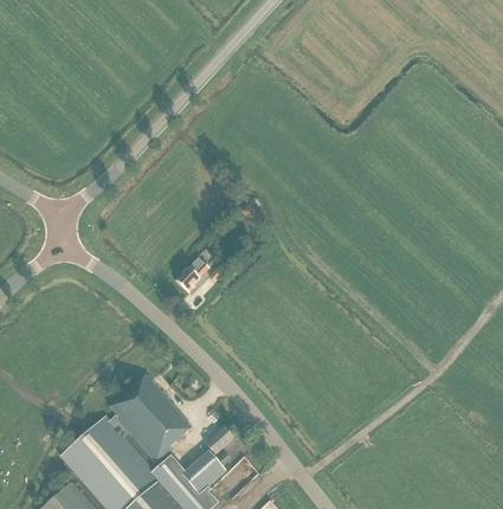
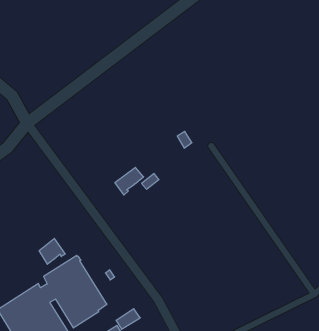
building: none -> [39,238,65,264]

